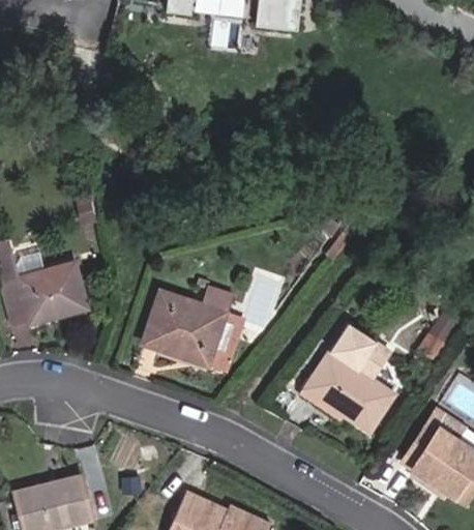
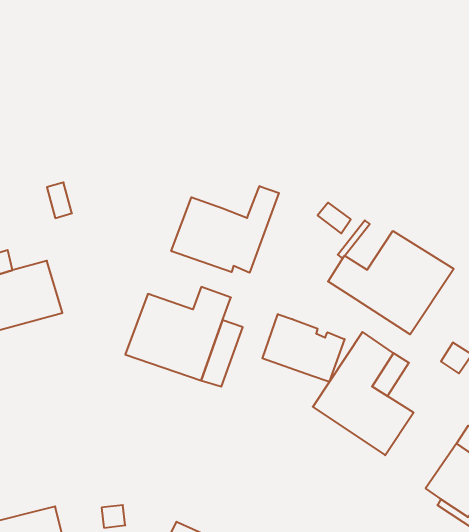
building: none -> [171,186,279,273]
building: none -> [328,231,454,334]
building: none -> [262,314,345,382]

